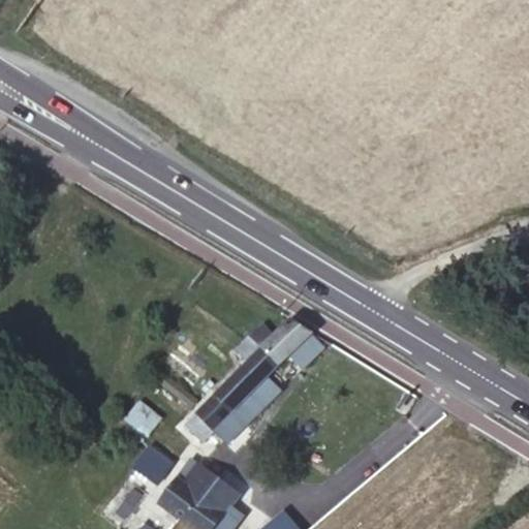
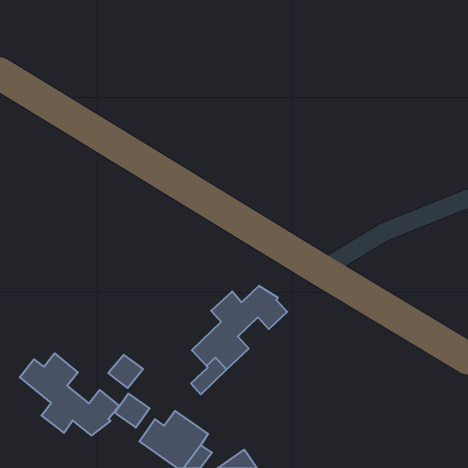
building: [186,394,234,440] -> none
building: none -> [20,353,119,435]

